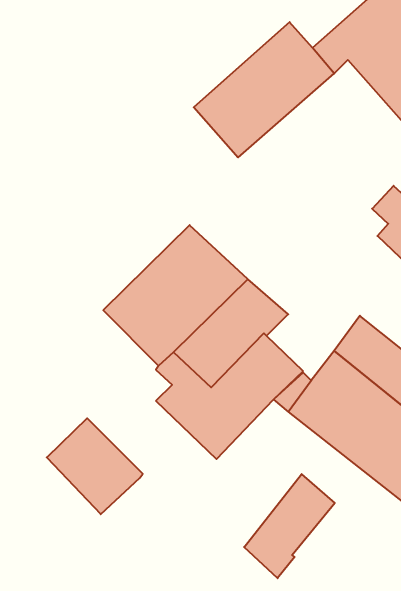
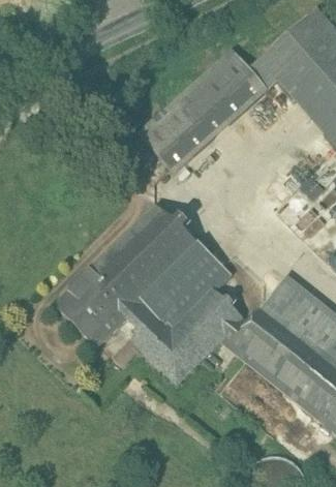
building: none -> [140,115,193,171]
building: [47,418,143,514] -> [59,270,132,343]
building: [244,474,335,578] -> none

